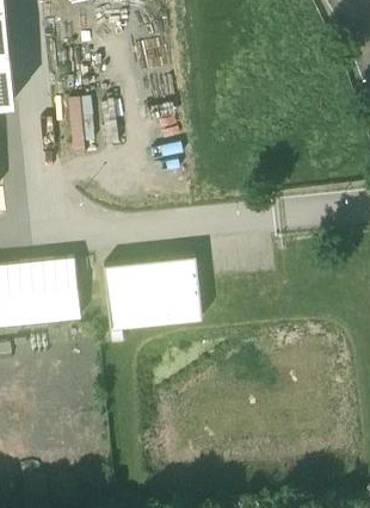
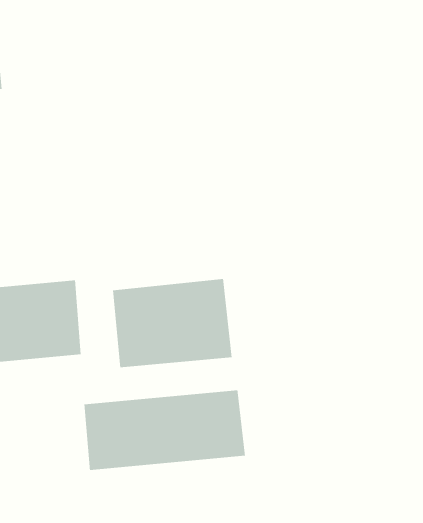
building: none -> [84,389,245,471]

